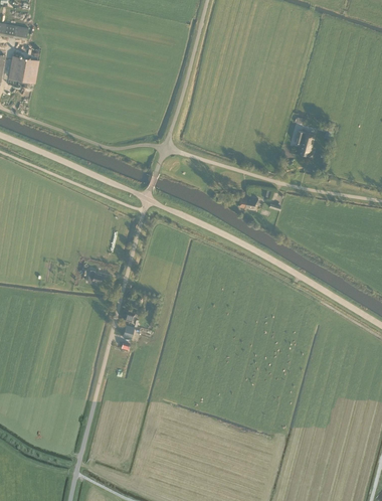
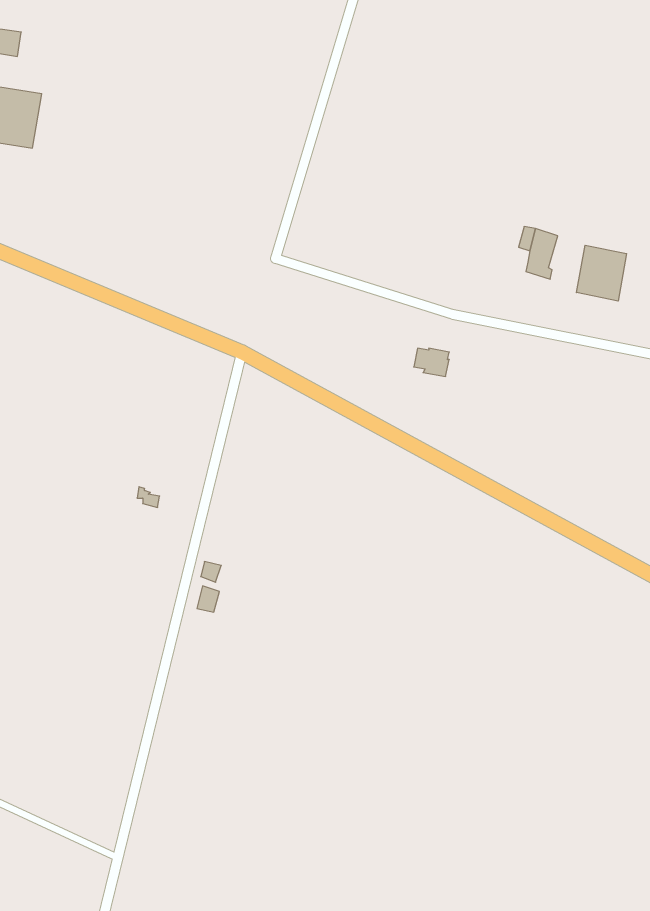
building: none -> [576,245,627,301]

